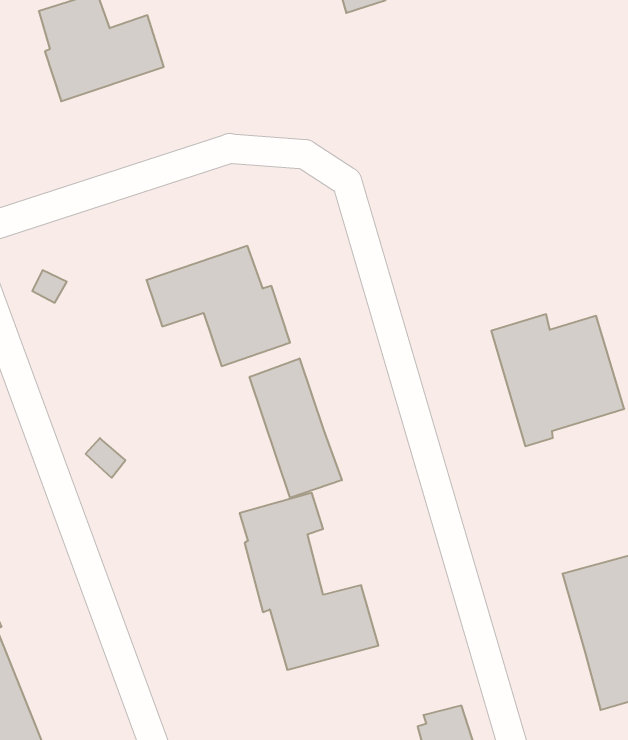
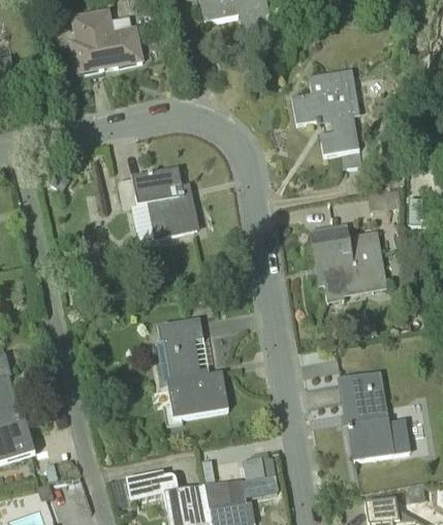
building: none -> [290,68,358,154]
building: [250,358,342,498] -> none

